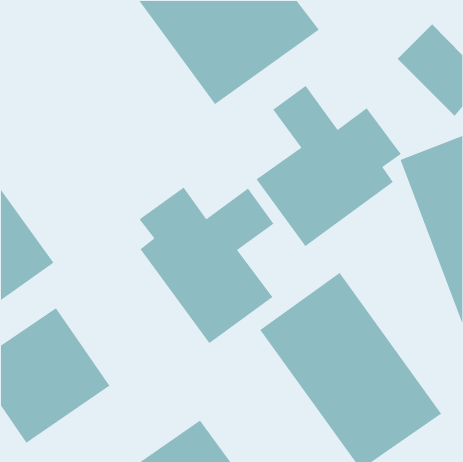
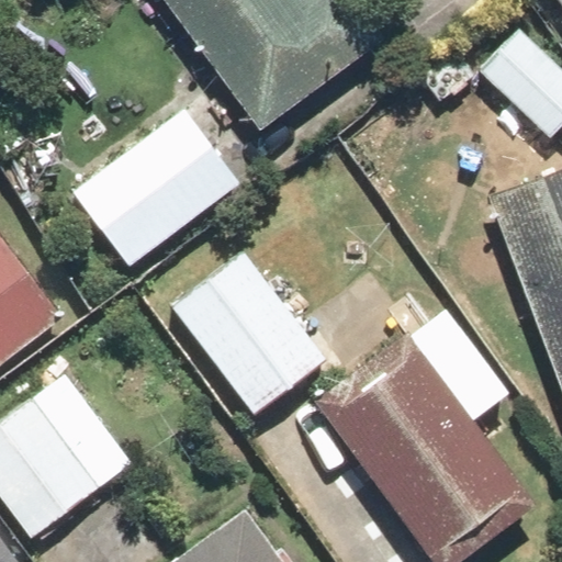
building: [256,85,402,247] -> none
building: none -> [71,108,243,268]

